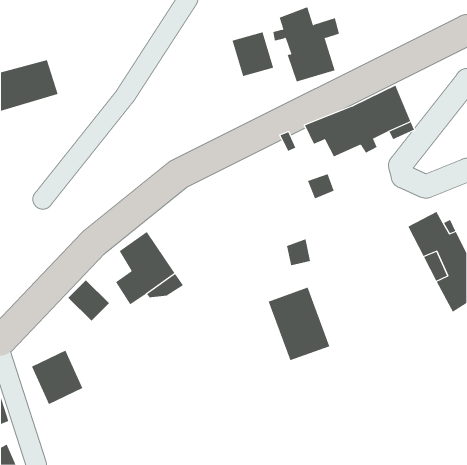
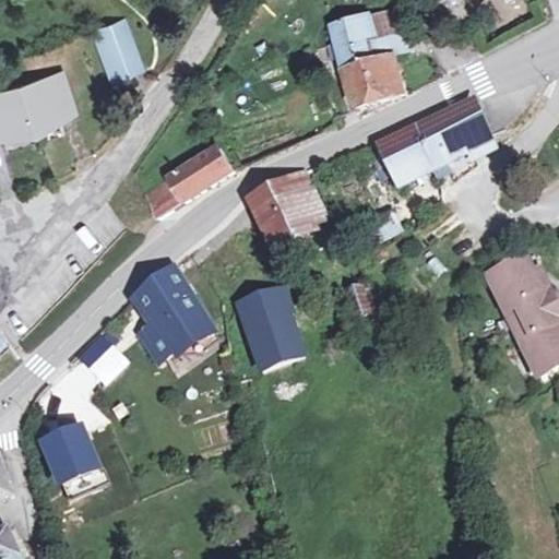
building: none -> [92,17,136,73]
building: [232,32,274,77] -> none
building: none -> [150,144,234,212]
building: none -> [242,170,324,246]
building: [268,287,330,361] -> [233,284,307,372]

